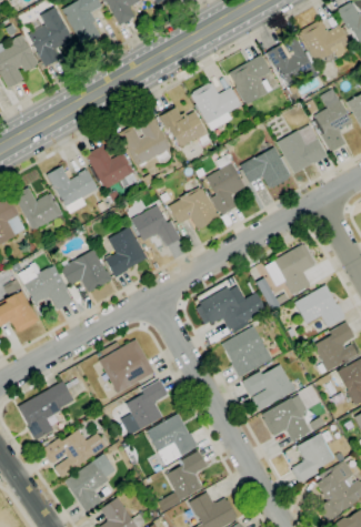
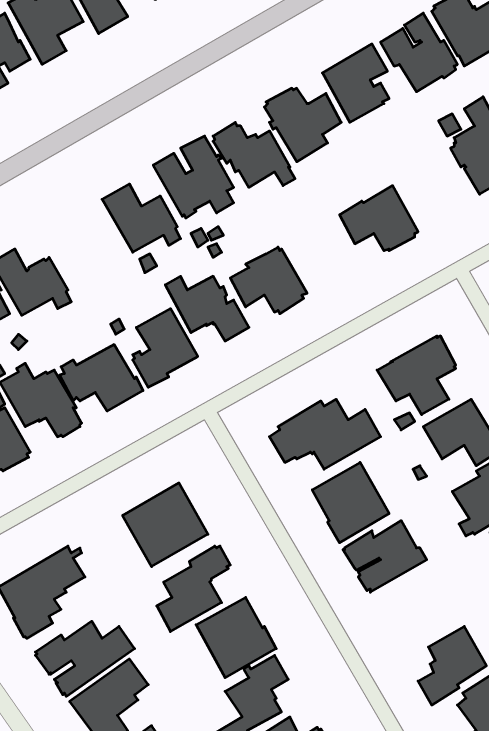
building: [277,124,328,174] -> none
building: [205,154,245,215] -> none
building: [48,166,98,214] -> none
building: [262,395,311,442] -> none

